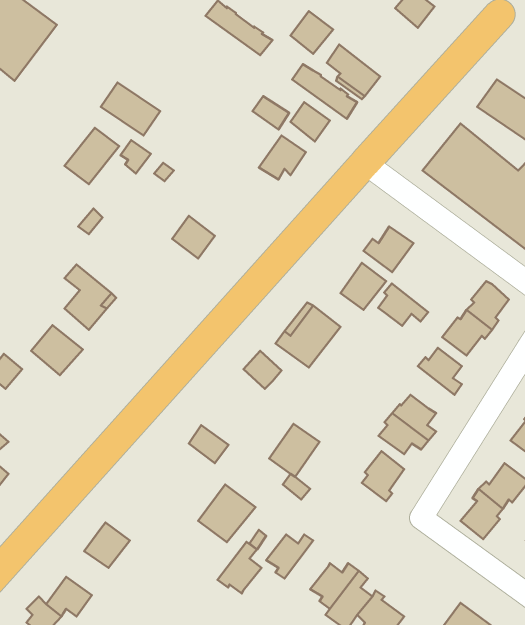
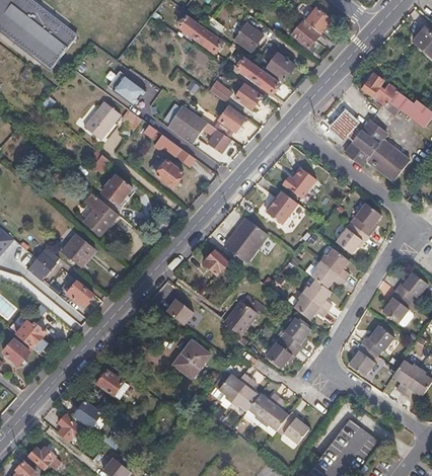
building: none -> [291,21,318,49]
building: none -> [167,105,231,152]
building: none -> [153,134,195,166]
building: none -> [101,174,132,206]
building: [378,283,428,326] -> [310,260,344,289]
building: none -> [61,275,94,308]
building: none -> [265,338,298,368]
building: [218,542,262,593] -> [230,377,260,411]

